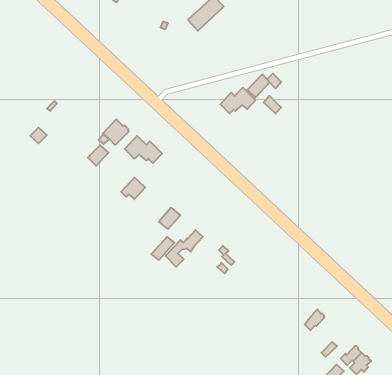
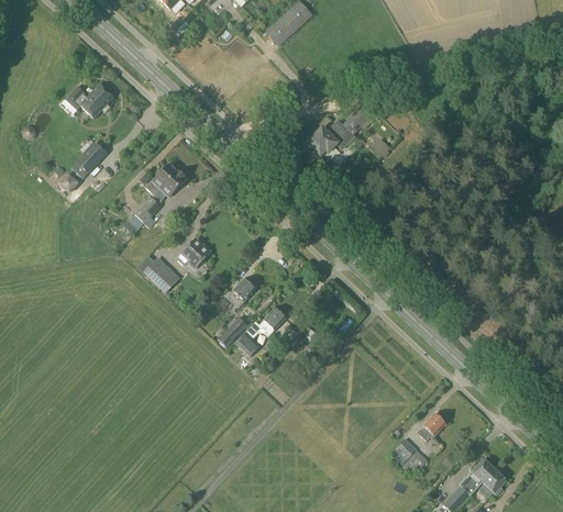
building: none -> [65,85,112,115]
building: none -> [71,142,107,177]
building: [125,136,162,163] -> none
building: none -> [136,255,179,292]
building: none -> [391,437,428,470]

